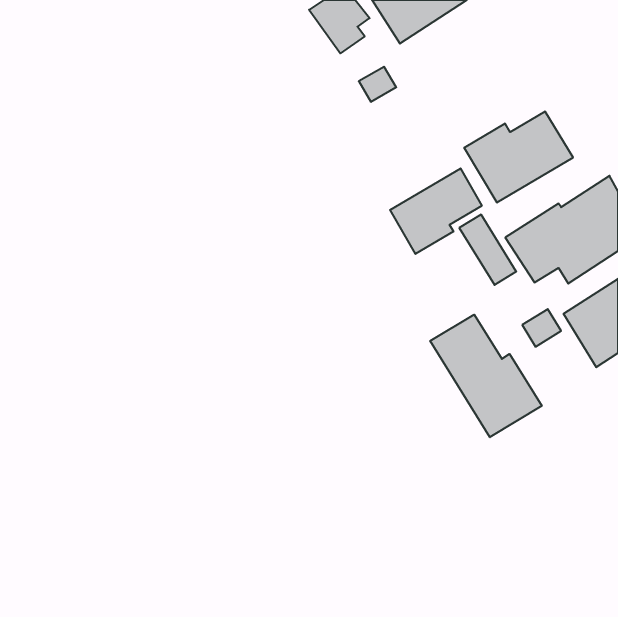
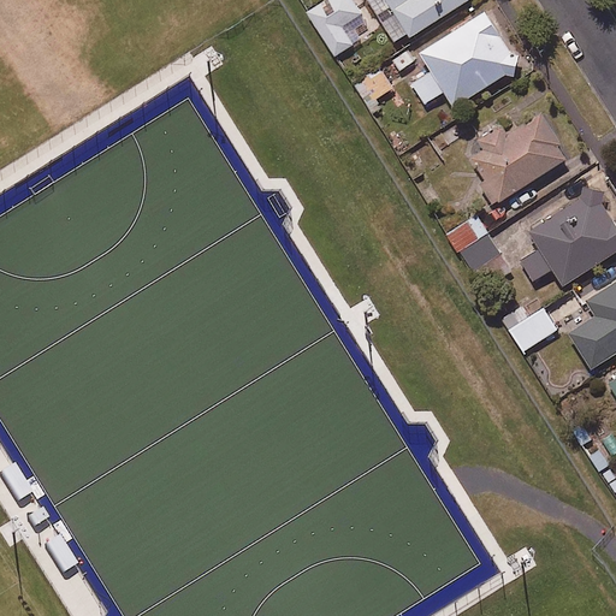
building: none -> [410,11,520,106]
building: [390,168,482,254] -> none
building: [430,315,542,437] -> none

